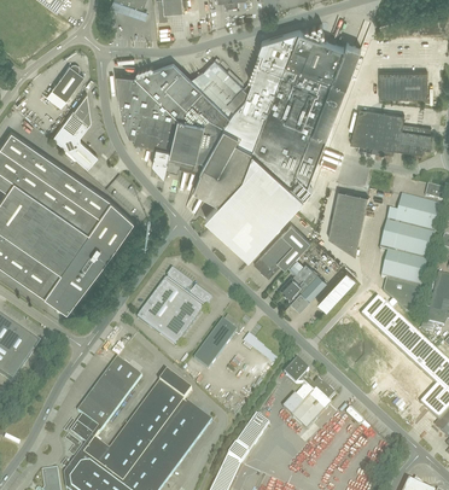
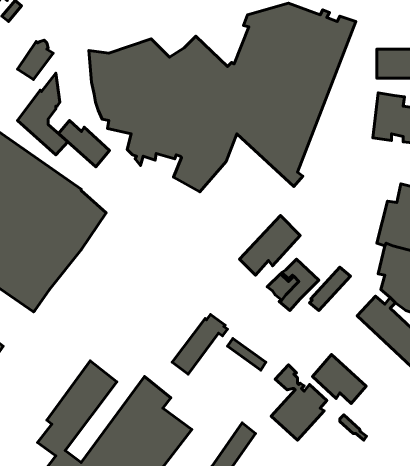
building: [349,110,380,153] -> none
building: none -> [59,120,109,167]
building: [204,151,303,258] -> none
building: [327,192,367,256] -> none
building: [136,269,211,346] -> none
building: none -> [312,354,366,404]

